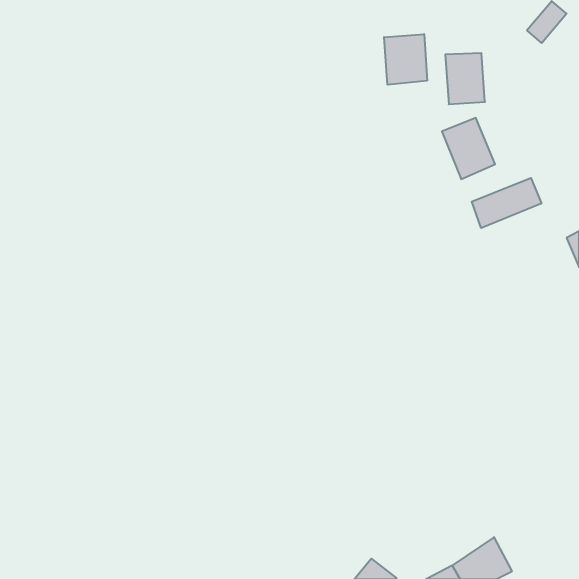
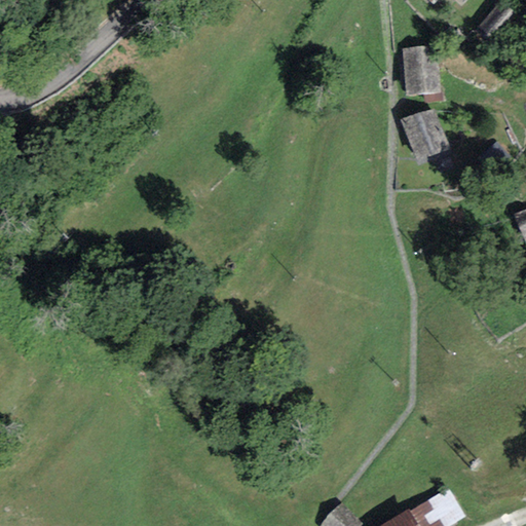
building: [384,34,427,85] -> none
building: [472,178,541,228] -> none

